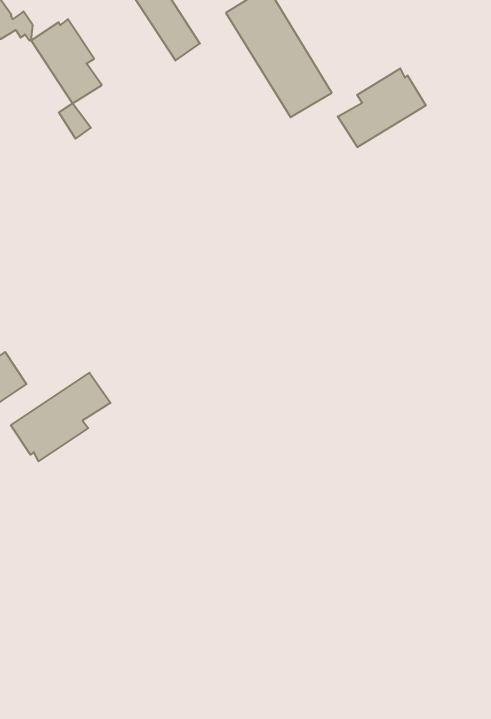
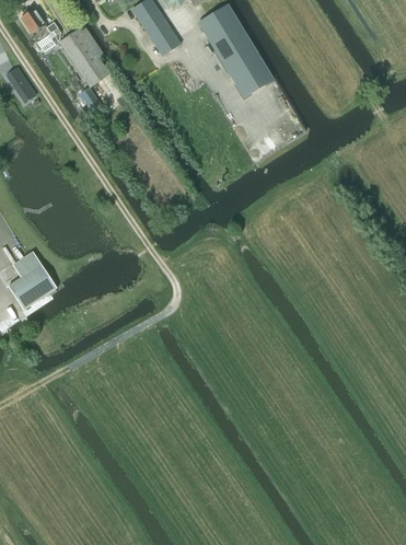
building: [338,68,426,147] -> none
building: [11,373,111,461] -> none

